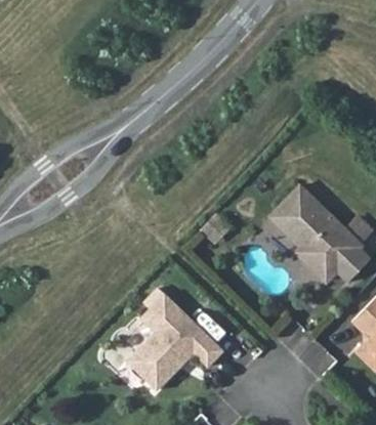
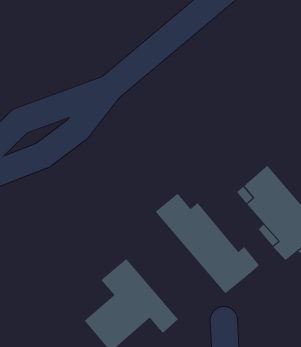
building: none -> [155,193,260,294]

